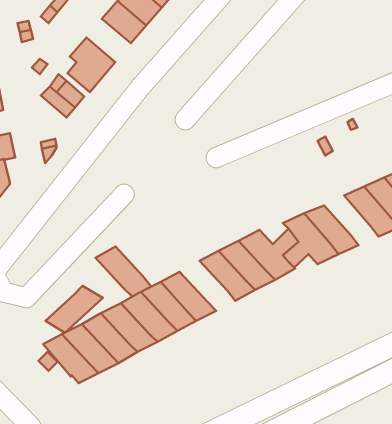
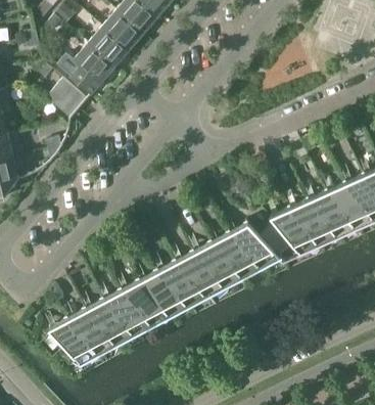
building: none -> [88,28,129,68]
building: none -> [307,190,357,236]
building: [95,247,151,297] -> [174,251,225,297]
building: [45,286,103,333] -> none

